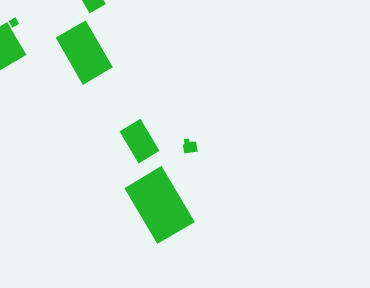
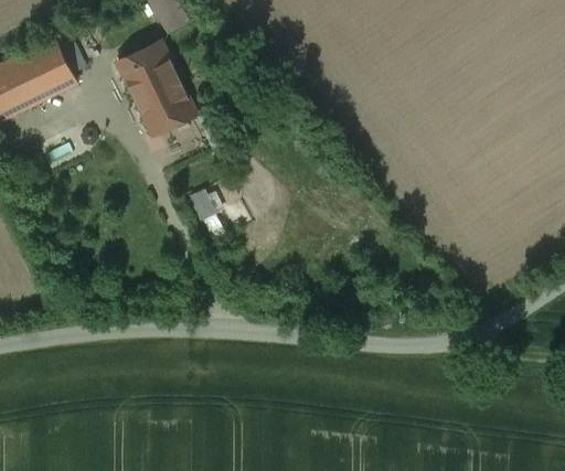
building: [124,165,196,245] -> none

